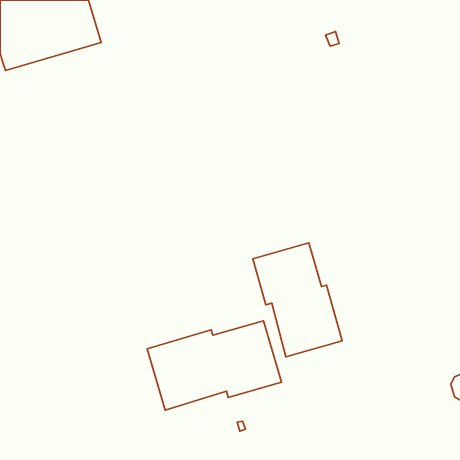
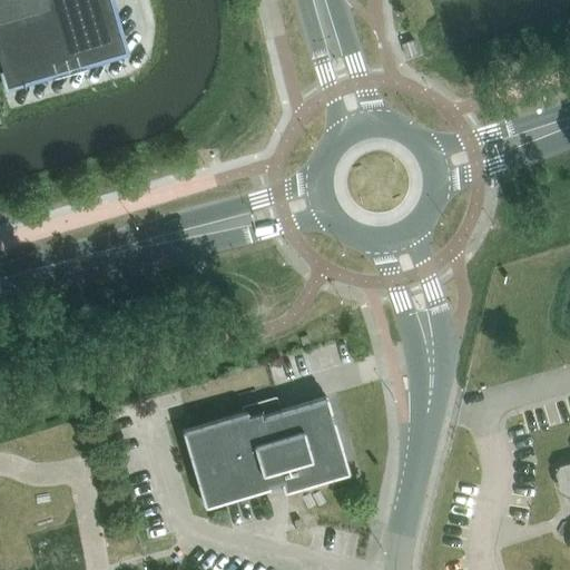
building: [253,243,342,357] -> none

